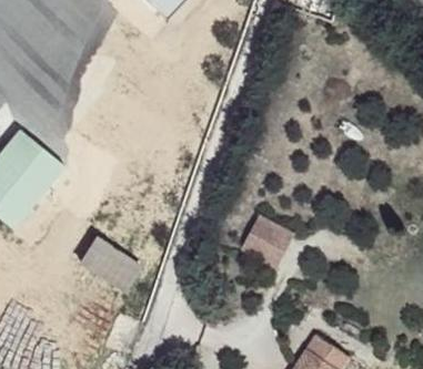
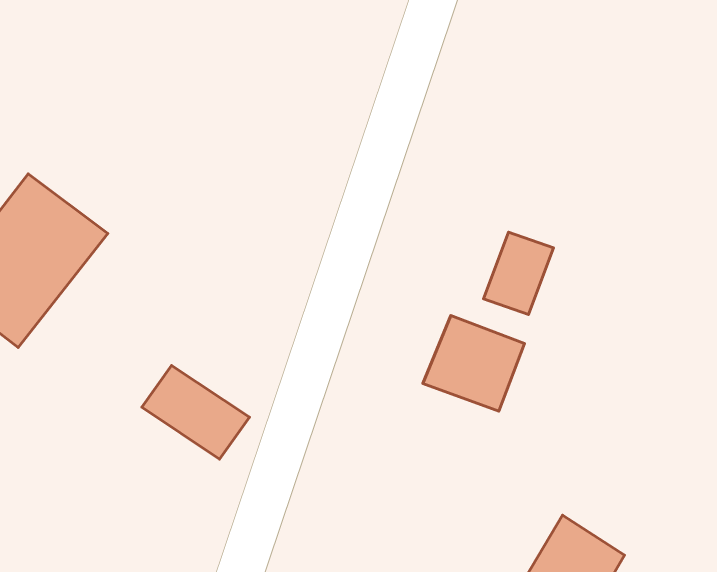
building: none -> [483,232,553,314]

